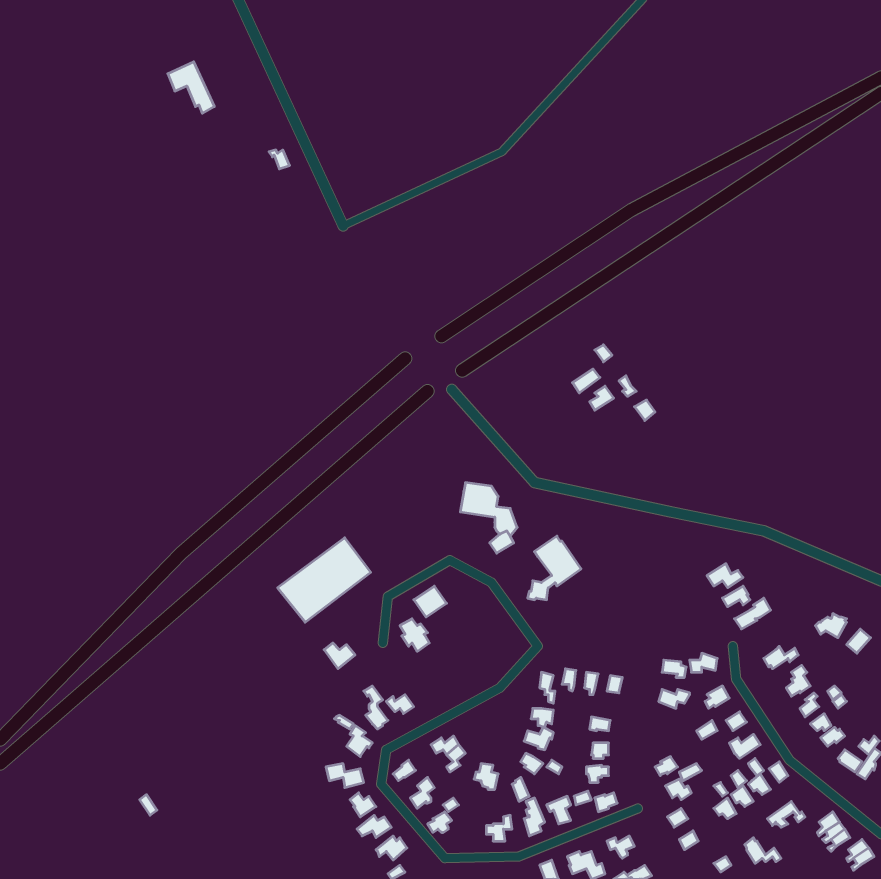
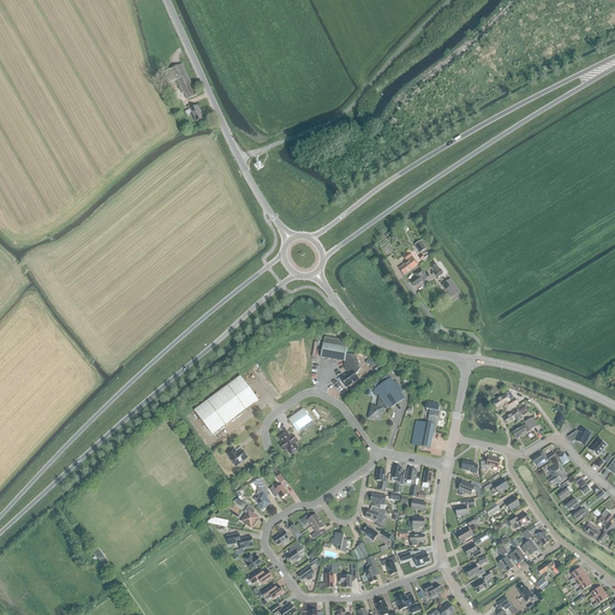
building: [168,62,214,113] -> [163,62,196,98]
building: none -> [411,401,440,447]

